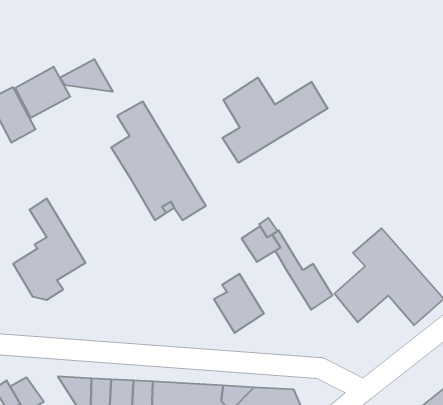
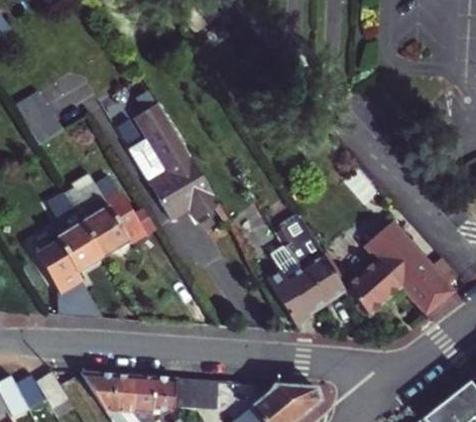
building: [60,59,113,92] -> none
building: [223,78,328,163] -> none
building: none -> [68,172,144,262]
building: [214,274,264,333] -> [279,269,329,327]

